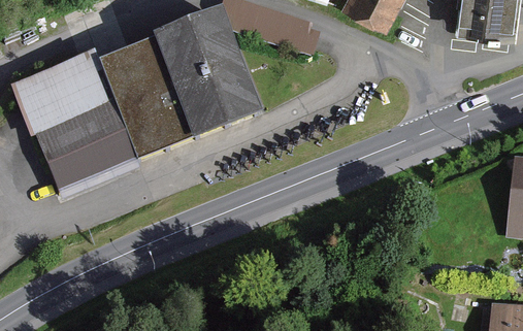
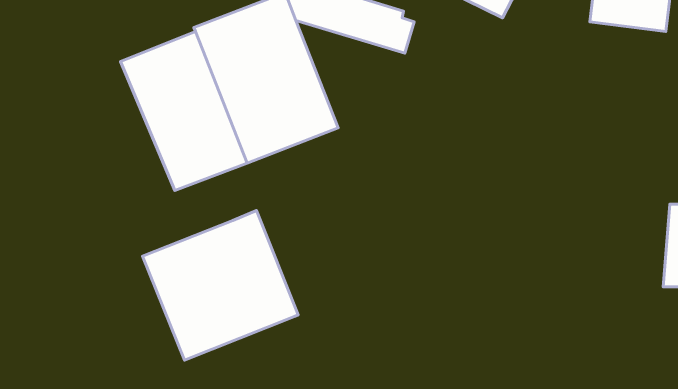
building: [13,48,142,198] -> none
building: none -> [143,211,298,360]

